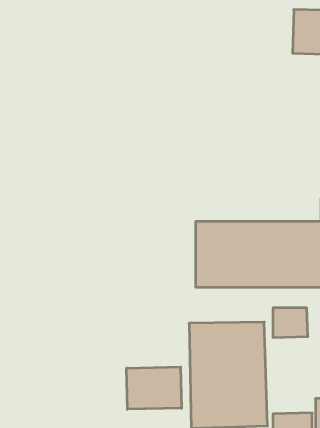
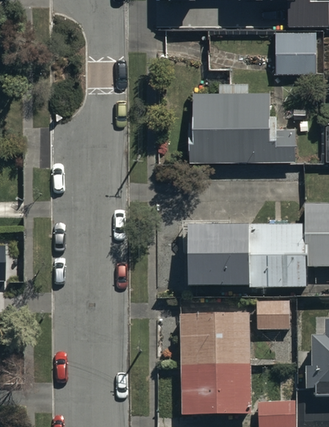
building: none -> [193,90,296,157]
building: [127,367,182,409] -> none

